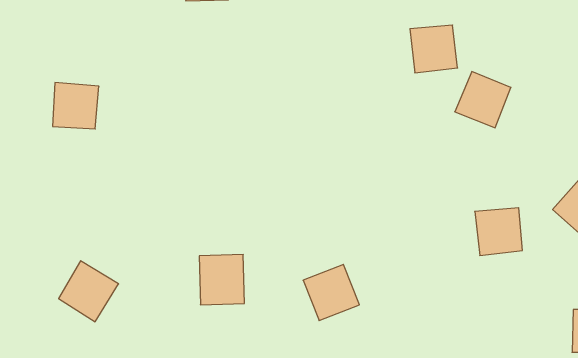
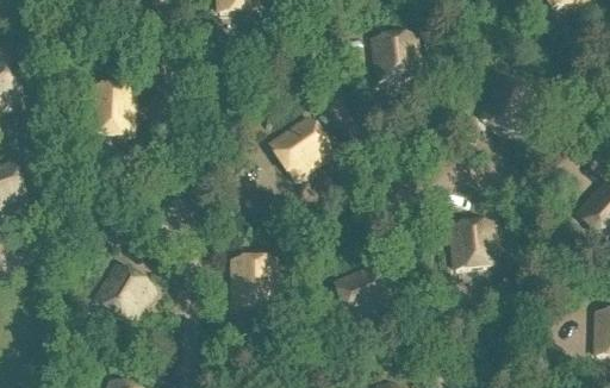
building: [410,25,458,73] -> [371,32,417,79]
building: none -> [267,115,330,177]
building: [475,208,522,255] -> [448,220,494,267]

